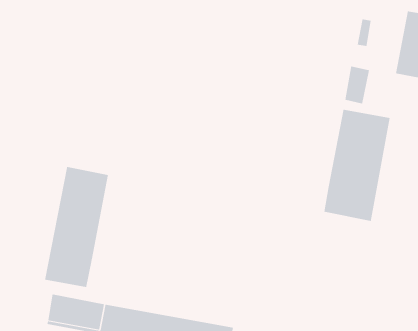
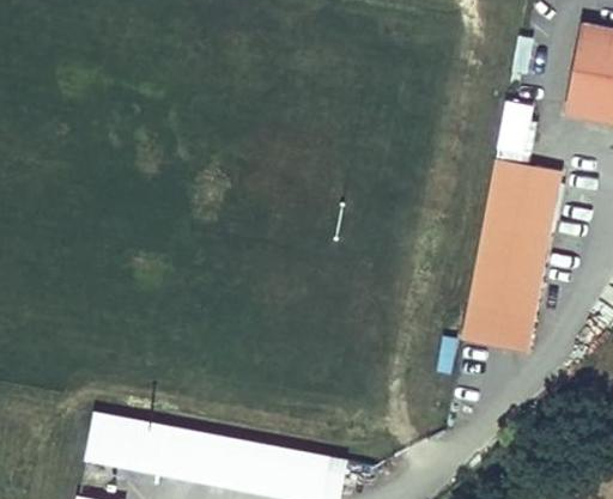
building: [44,166,109,288] -> none
building: none -> [461,302,534,348]

